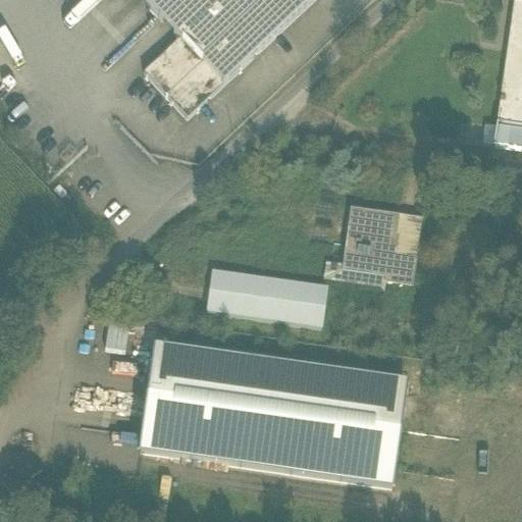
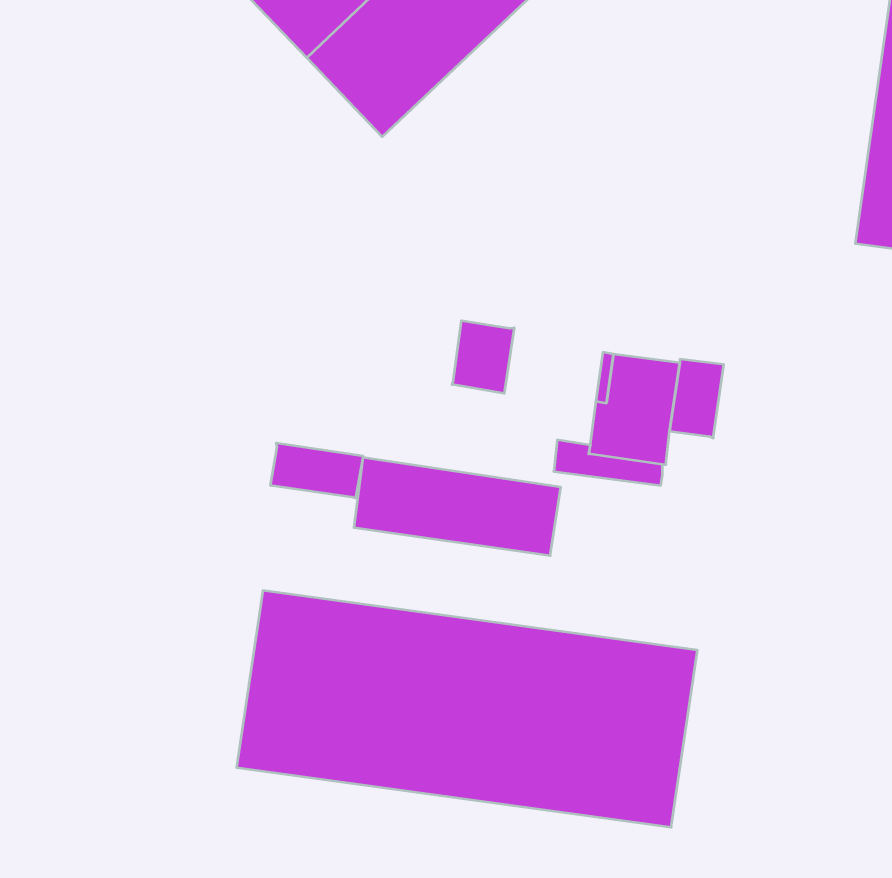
building: [145,34,224,113] -> none
building: none -> [452,321,514,393]
building: [387,251,415,279] -> none
building: none -> [271,443,363,498]

